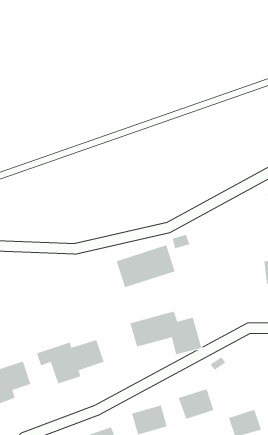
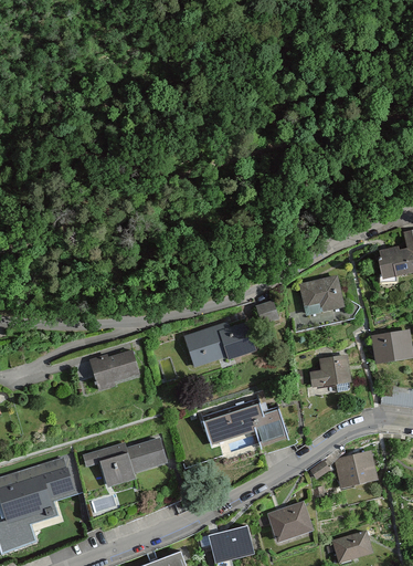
building: none -> [303,276,348,318]
building: none -> [92,348,144,391]
building: none -> [310,358,354,391]
building: none -> [331,452,373,486]

